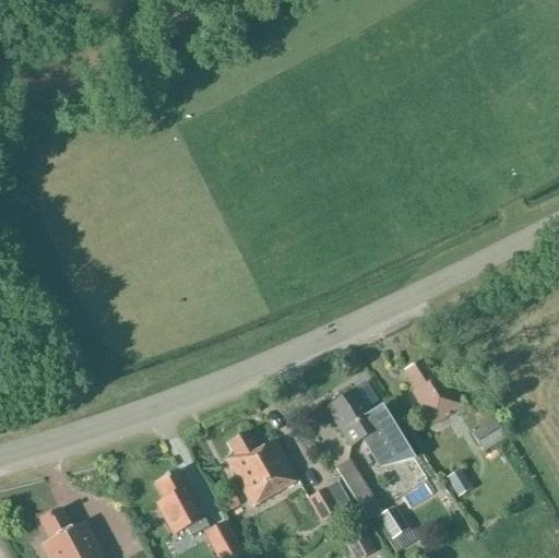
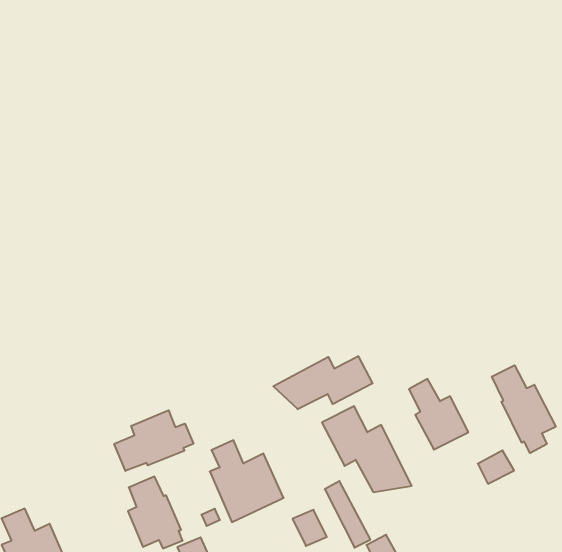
building: none -> [492,365,556,453]
building: none -> [273,356,373,409]
building: none -> [114,410,193,471]

